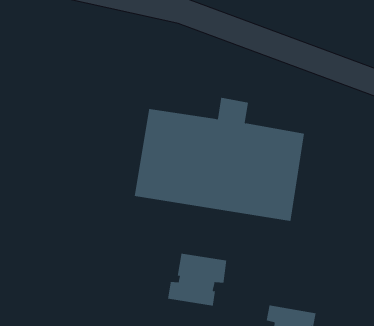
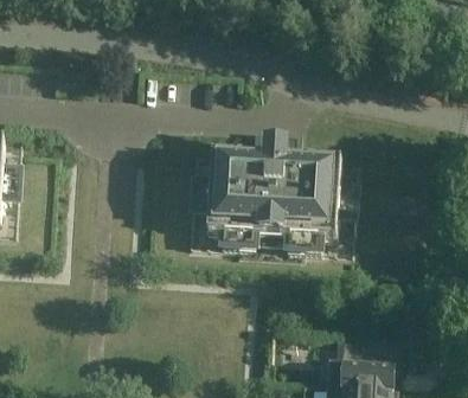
building: [168,253,227,307] -> none

